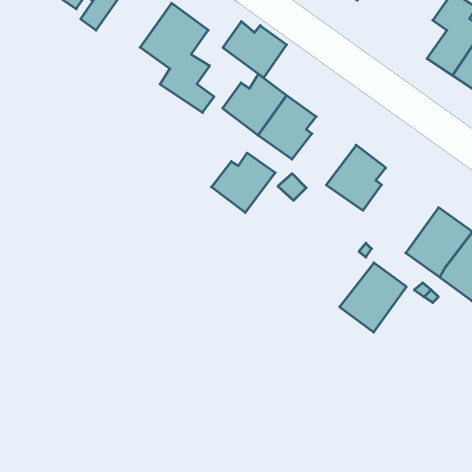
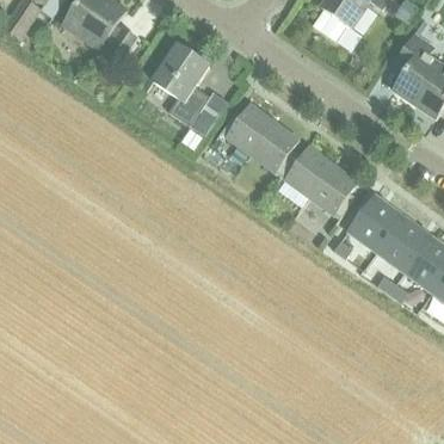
building: [223,21,287,78] -> none
building: [211,153,275,213] -> [279,146,333,196]
building: [340,263,406,332] -> [346,195,402,253]

